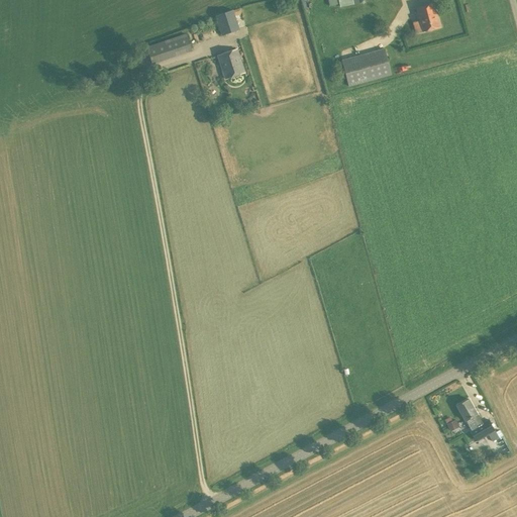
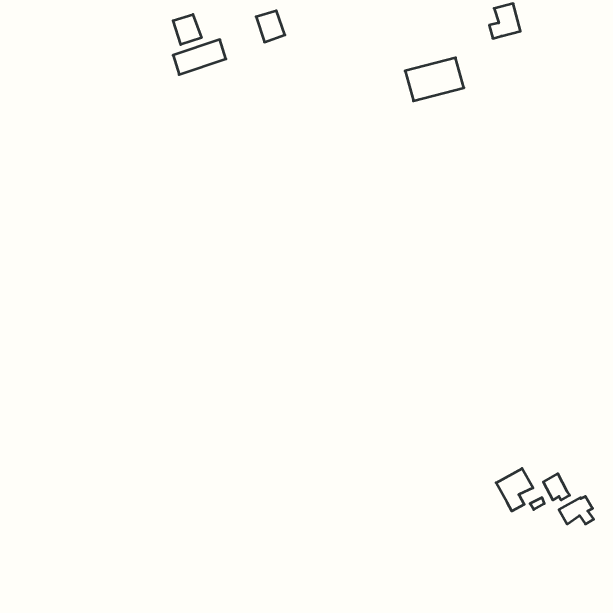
building: none -> [173,14,201,45]
building: [216,48,243,78] -> none
building: none -> [496,468,533,511]

